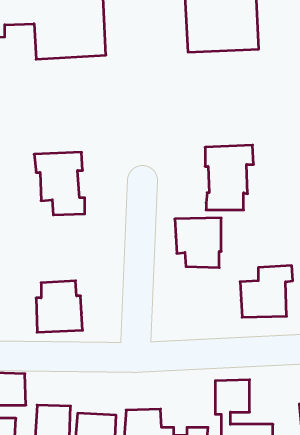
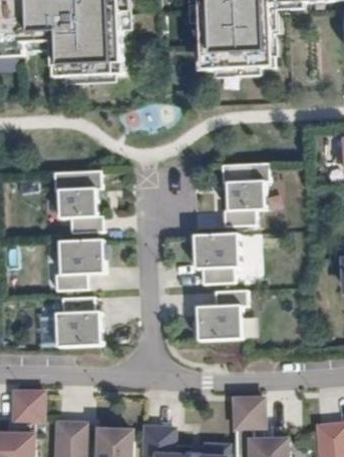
building: none -> [53,240,103,291]
building: [240,266,293,317] -> [195,291,247,342]

